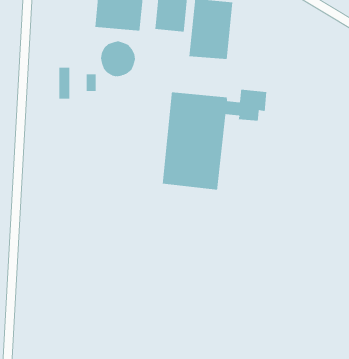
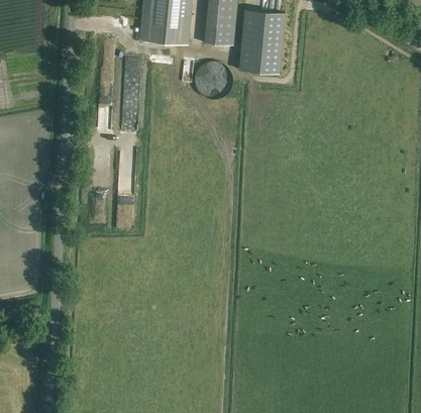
building: [100,41,136,77] -> [194,62,231,99]
building: [162,89,267,191] -> none

